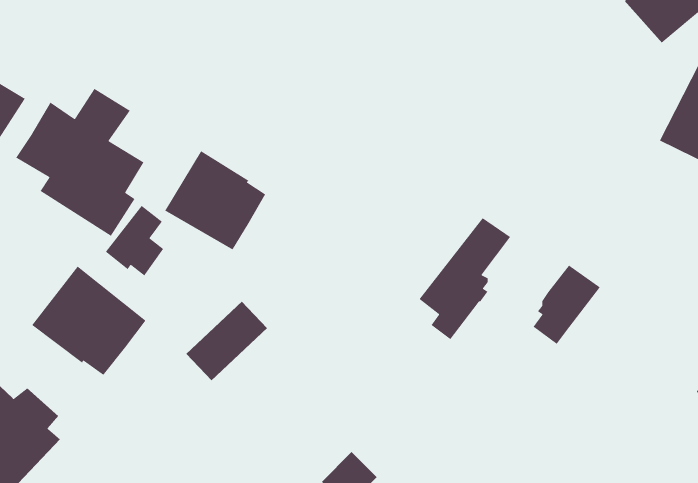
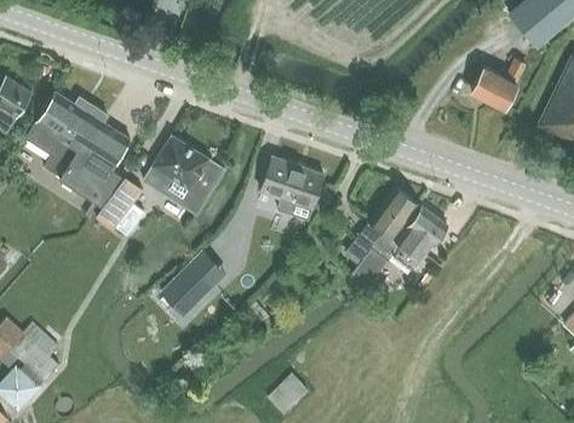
building: none -> [470,57,527,108]
building: none -> [259,155,322,221]
building: [532,264,601,345] -> [392,206,447,270]
building: [31,265,147,376] -> none

